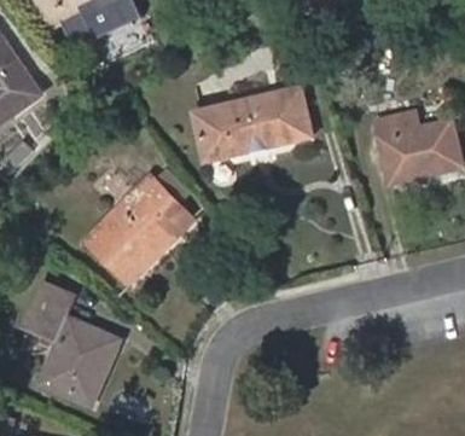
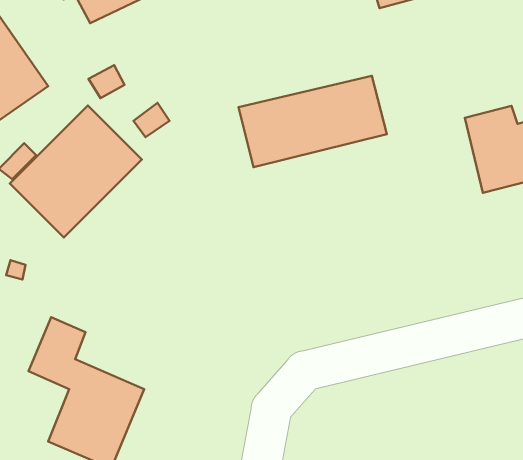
building: [86,176,192,283] -> [10,106,142,238]

